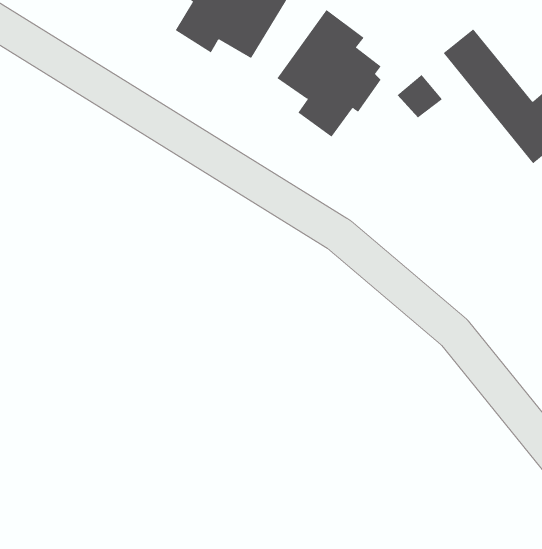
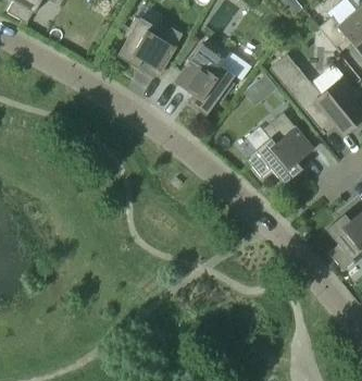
building: none -> [247,111,314,184]

